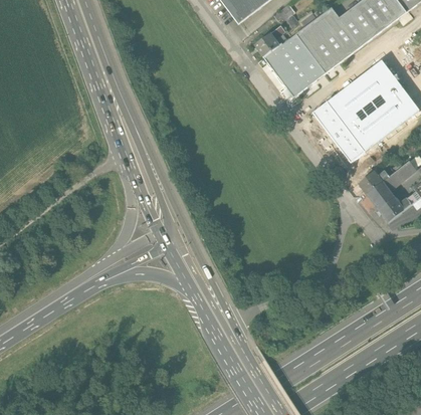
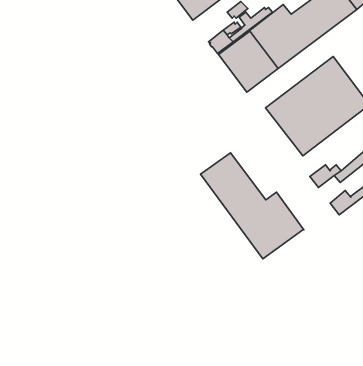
building: none -> [200,153,304,259]
building: [368,181,395,209] -> none

